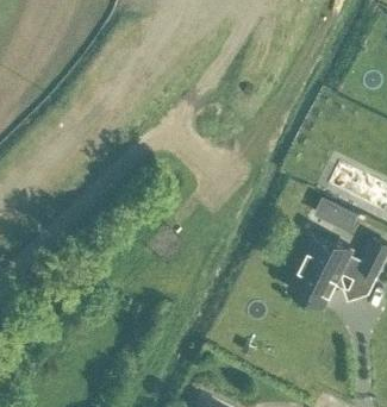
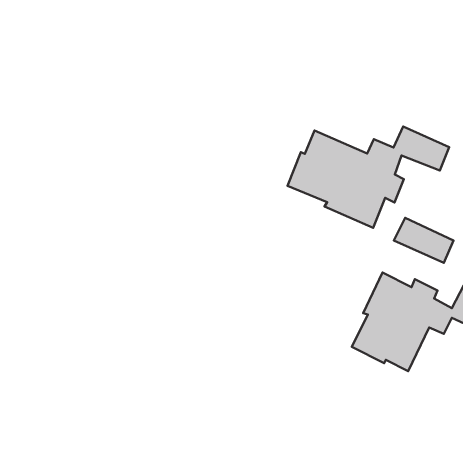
building: none -> [288,126,449,228]

